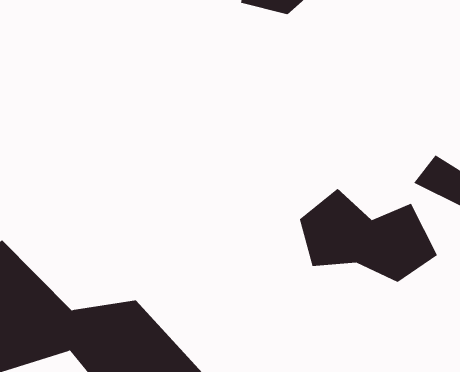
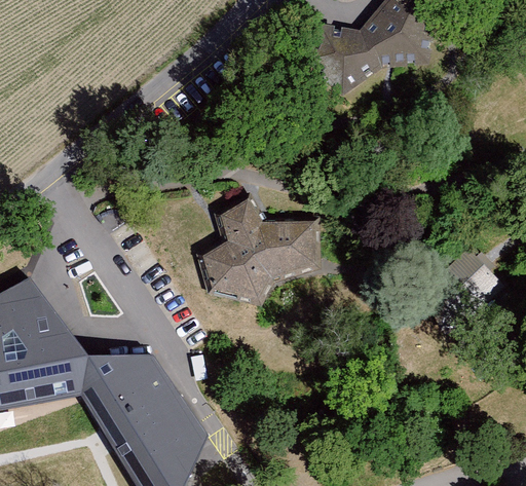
building: none -> [198,197,316,304]
building: [299,188,438,283] -> none

